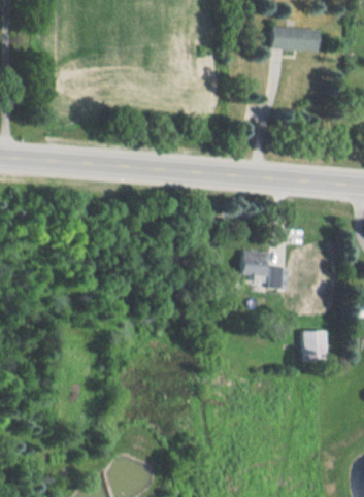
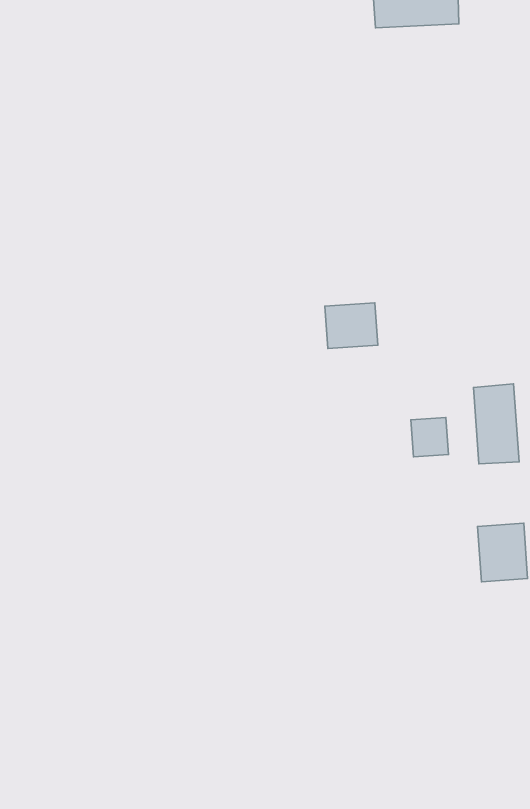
building: [243,252,271,275] -> [325,303,378,349]
building: none -> [474,384,519,464]

